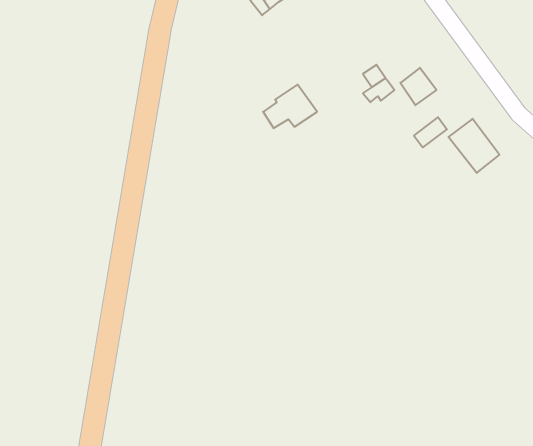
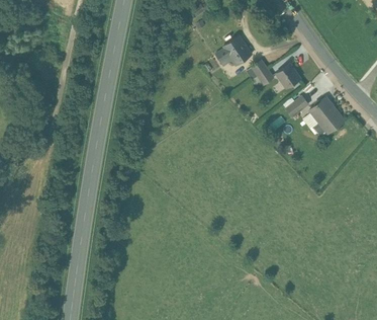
building: [263,85,317,128] -> [215,36,252,66]

